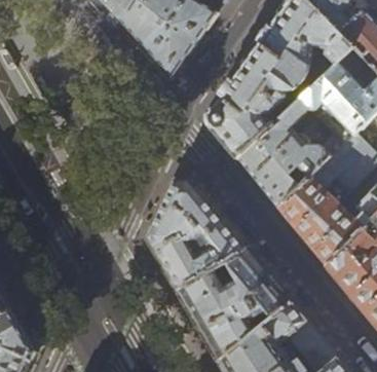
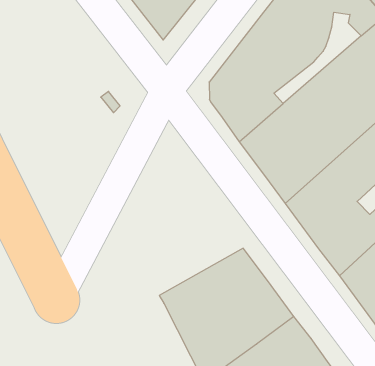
building: [147,180,246,292] -> none

